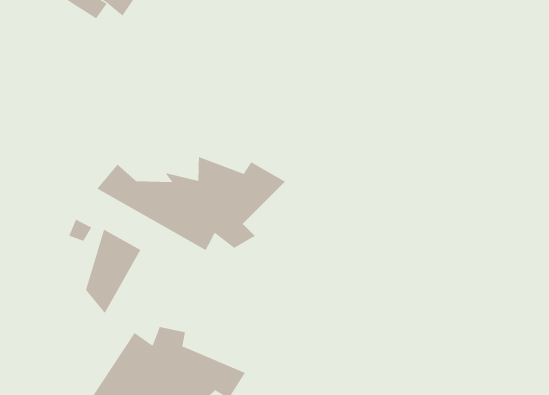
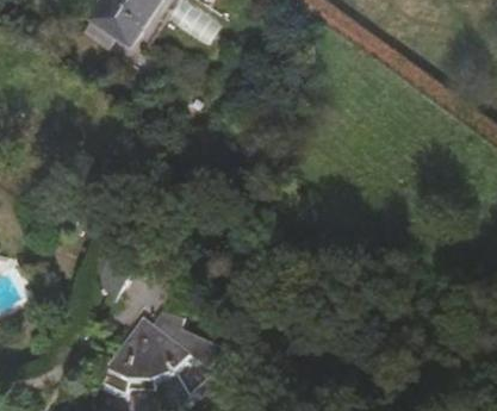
building: [97,156,286,251] -> none

